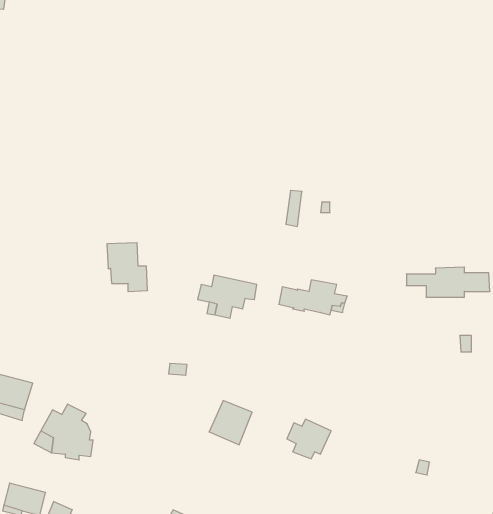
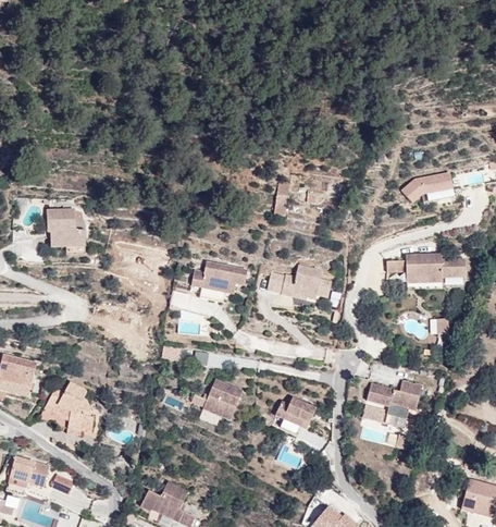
building: none -> [402,173,454,201]
building: [107,243,148,292] -> [47,207,85,253]
building: none -> [362,379,422,426]

